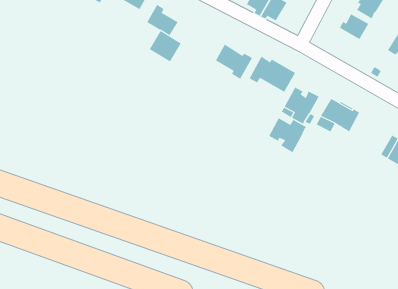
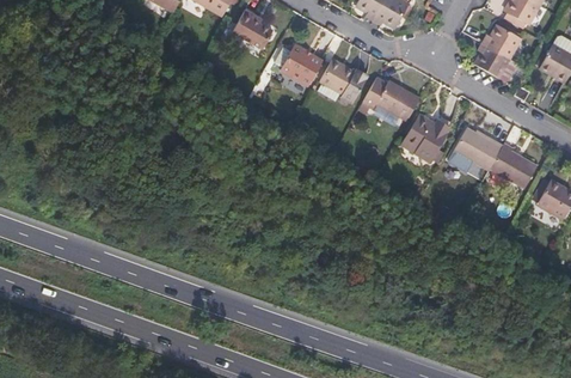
building: none -> [469,38,508,79]
building: [149,30,182,62] -> [280,45,321,86]
building: none -> [491,144,538,188]
building: [269,118,307,153] -> none

